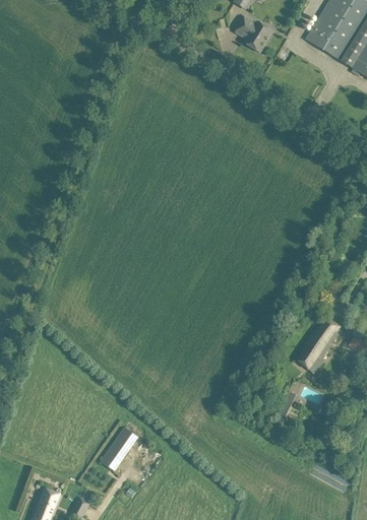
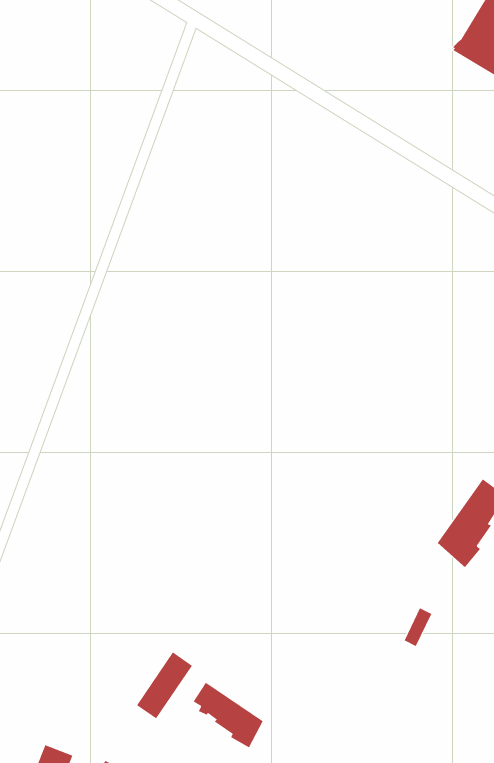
building: [236,16,272,51] -> none
building: none -> [193,682,263,748]

